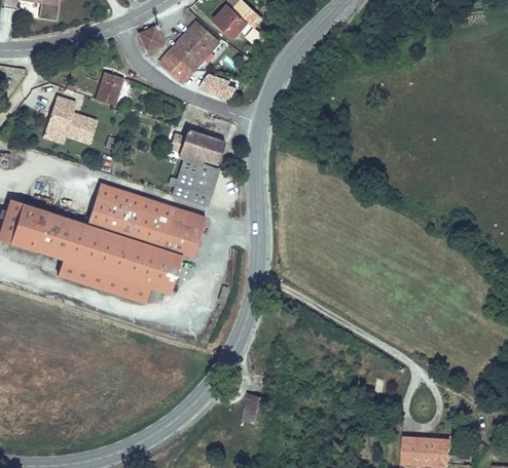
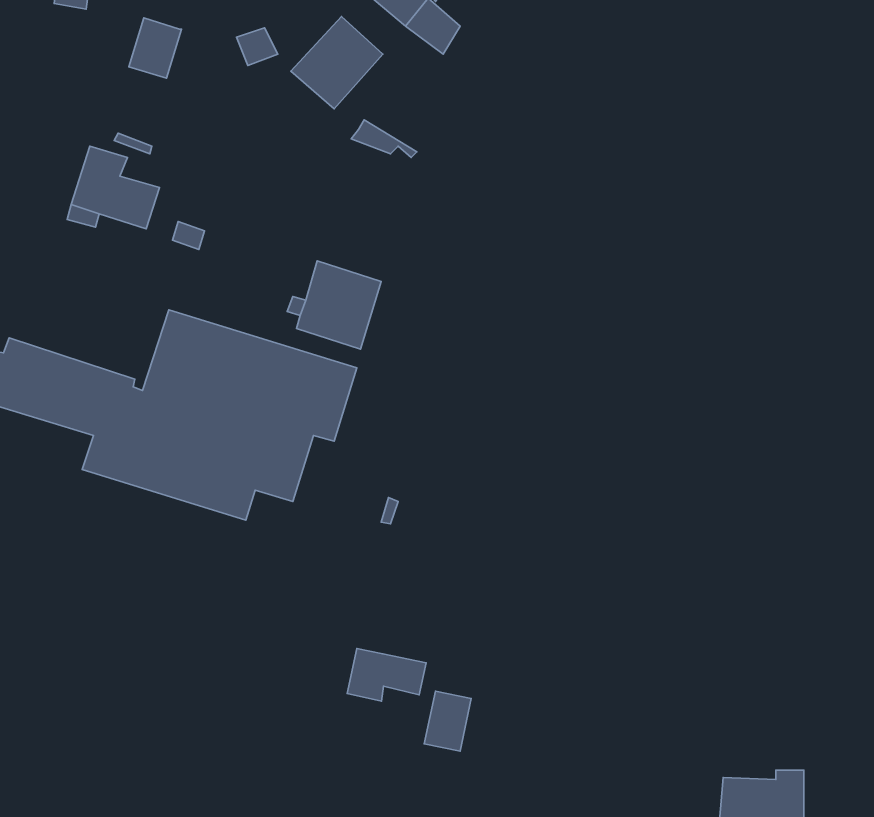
building: [159,54,192,85] -> none
building: [95,70,123,103] -> [129,18,181,78]
building: [179,131,226,169] -> none
building: none -> [347,648,426,701]

